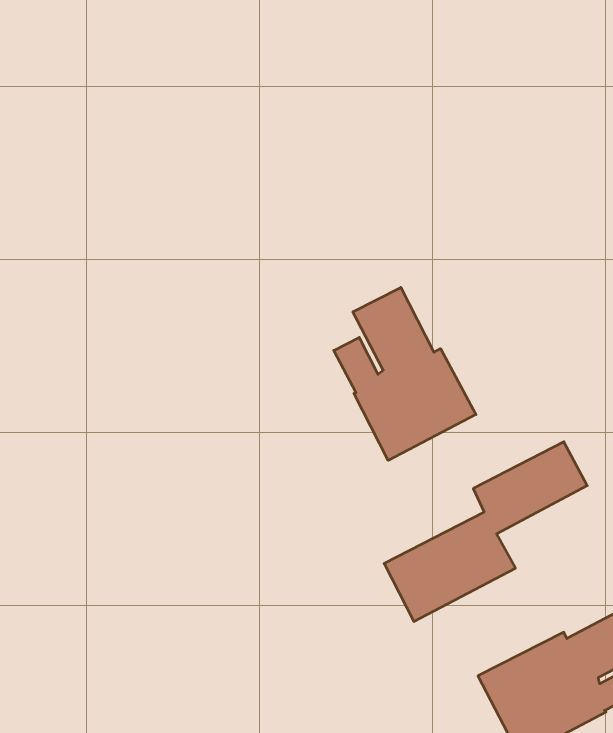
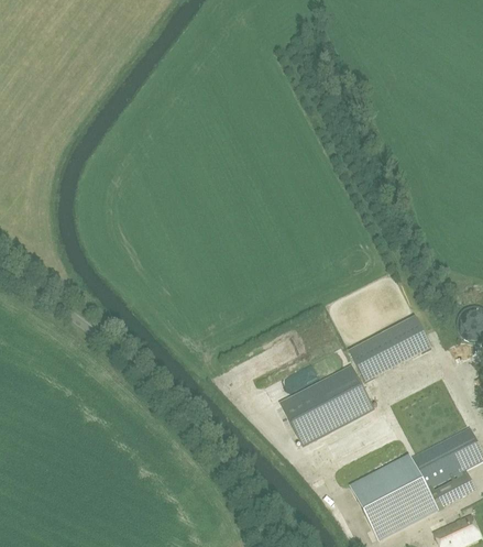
building: [334,287,476,460] -> none

